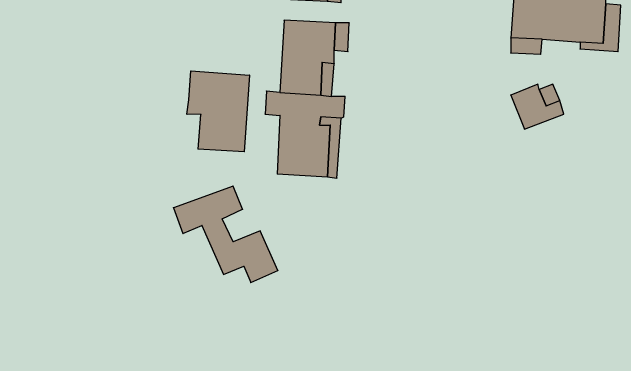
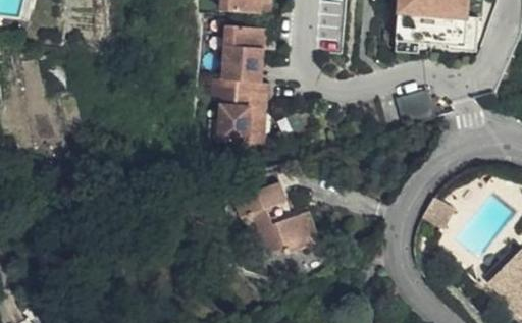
building: [187,71,249,152] -> none
building: [173,186,278,283] -> [238,182,316,255]

